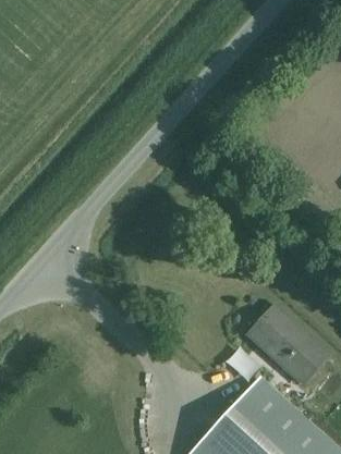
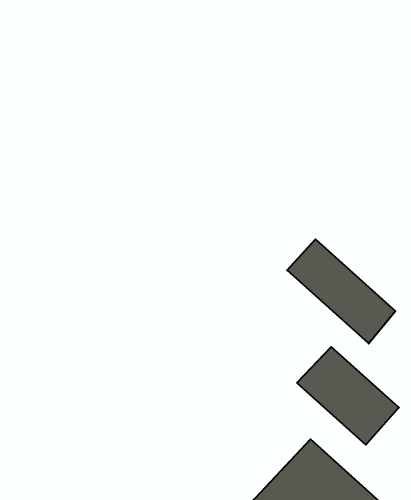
building: none -> [287,239,395,344]

